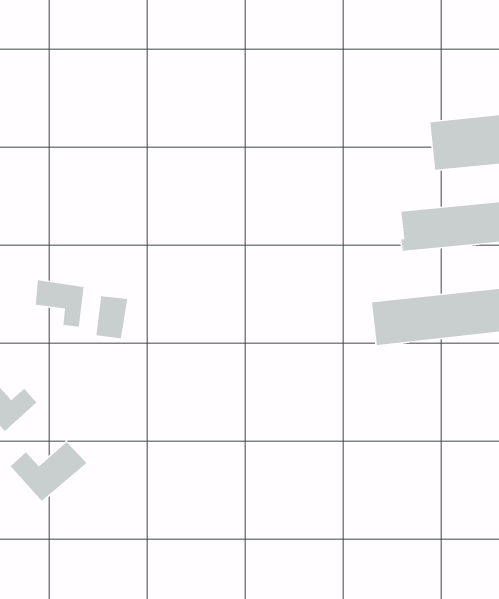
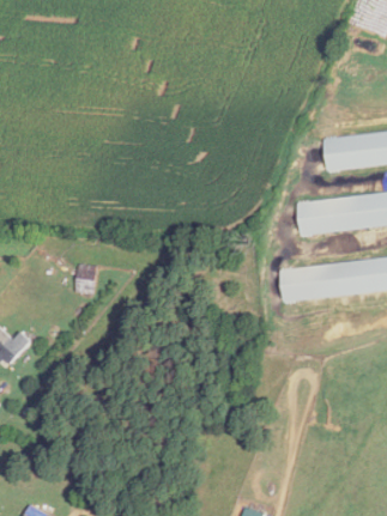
building: [35,279,85,327] -> none
building: [10,441,87,502] -> none

